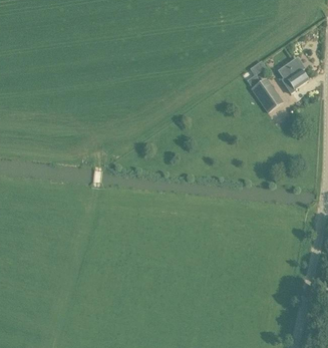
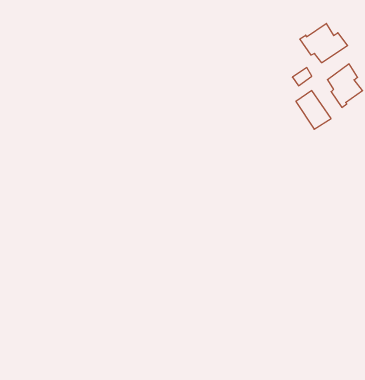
building: none -> [300,23,348,63]

